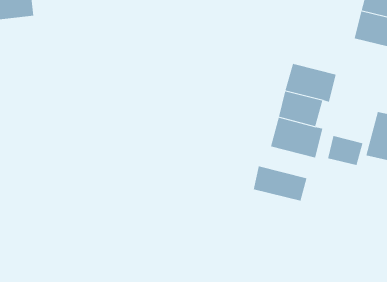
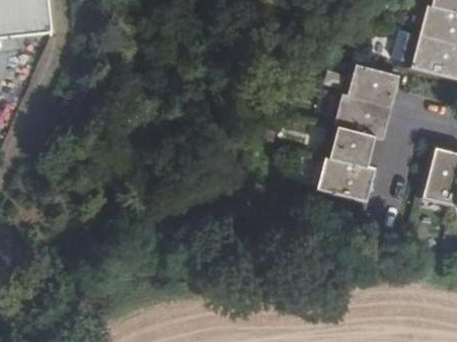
building: none -> [342,62,398,106]
building: [328,135,363,166] -> none
building: [253,165,307,202] -> none

